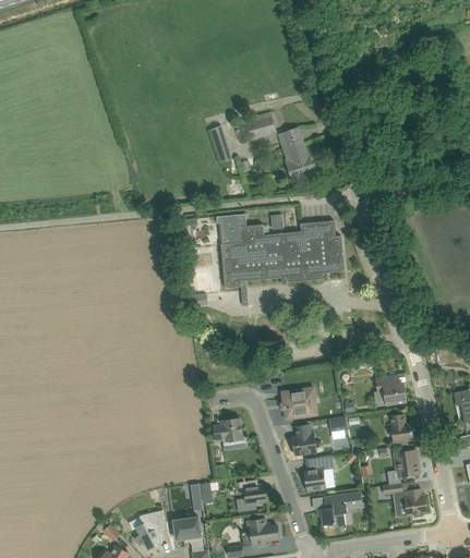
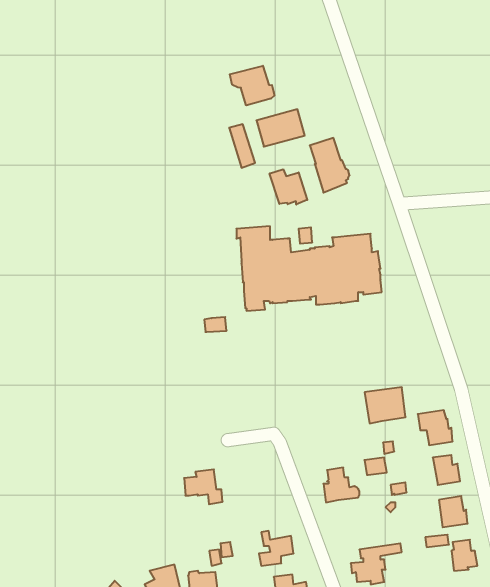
building: none -> [230,66,274,105]
building: none -> [270,169,307,205]
building: [281,387,317,418] -> [365,387,406,423]
building: [214,417,248,448] -> [184,469,223,504]
building: [303,454,334,489] -> none

